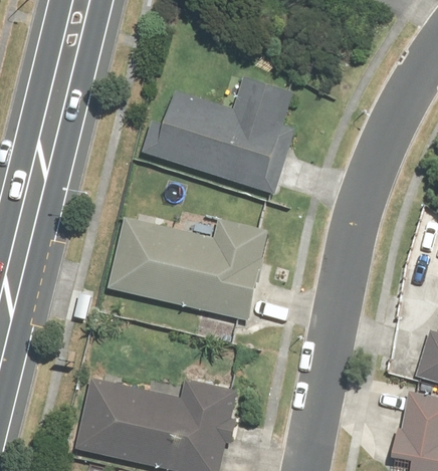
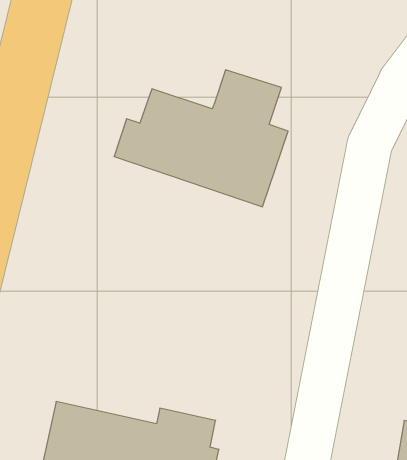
building: [112,215,273,321] -> none

